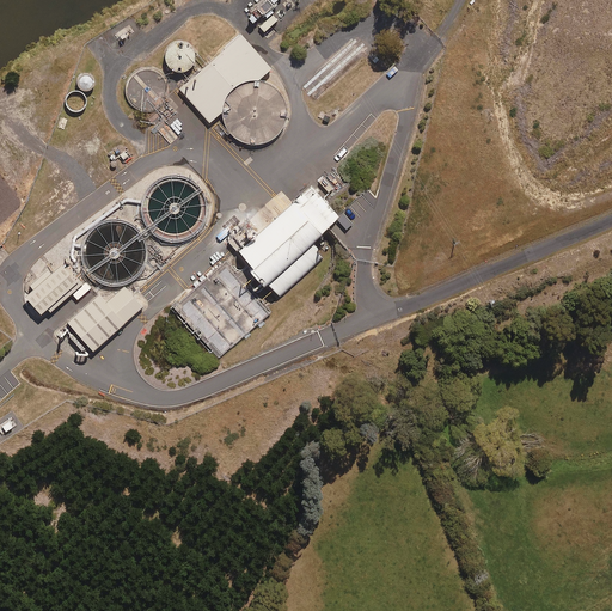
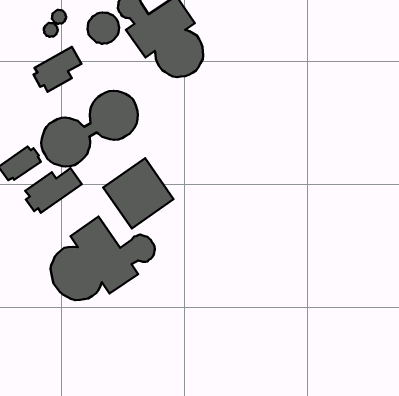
building: none -> [34,47,82,92]
building: [239,187,338,295] -> none
building: none -> [51,216,155,300]

